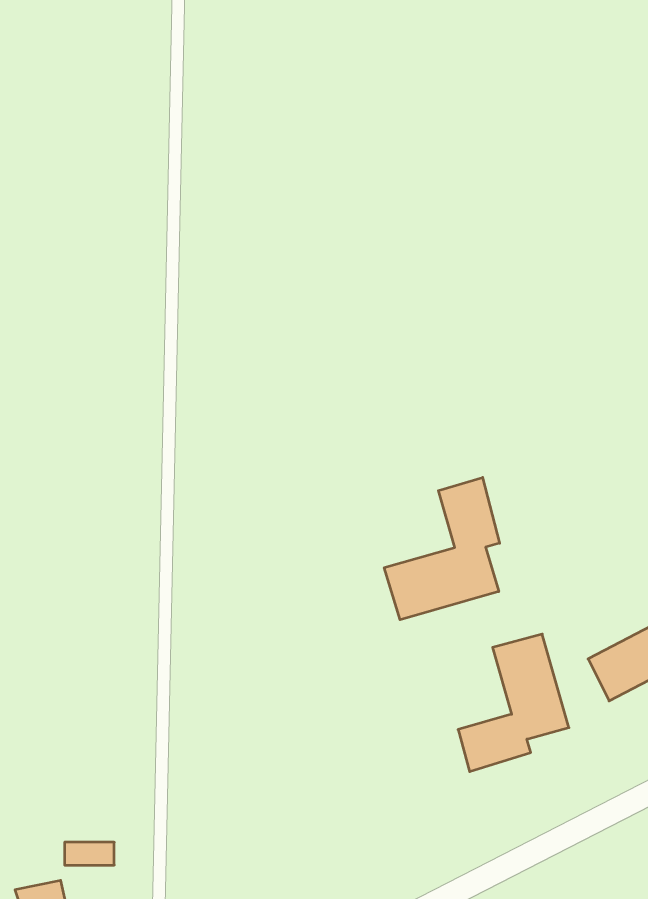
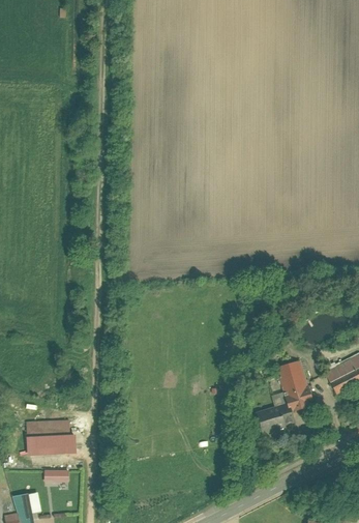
building: [384,477,500,620] -> none
building: none -> [26,419,76,455]

